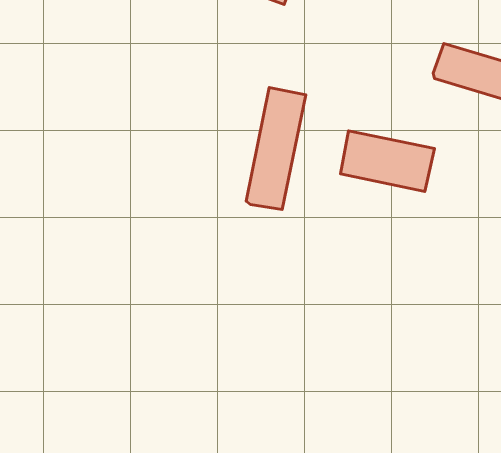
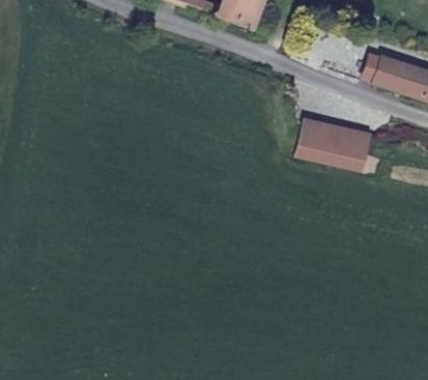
building: [246,88,306,210] -> none

